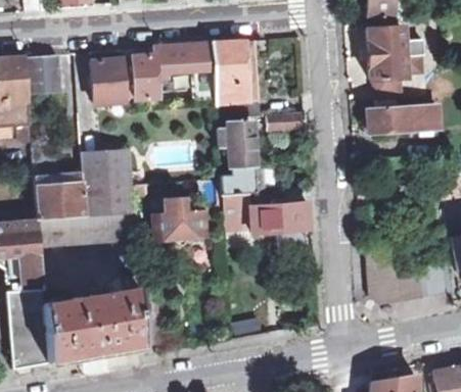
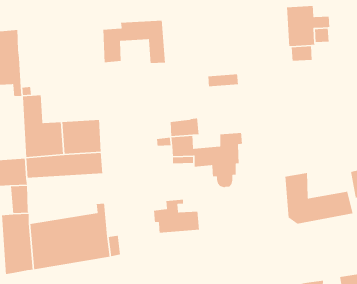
building: [211,39,265,104] -> none
building: [27,54,61,93] -> none
building: [92,59,128,104] -> none
building: [368,99,439,134] -> none
building: [217,119,256,164] -> none
building: [81,150,131,174] -> none
building: [146,196,205,240] -> [153,199,200,233]

